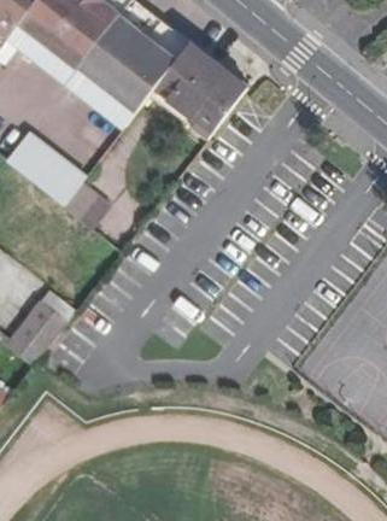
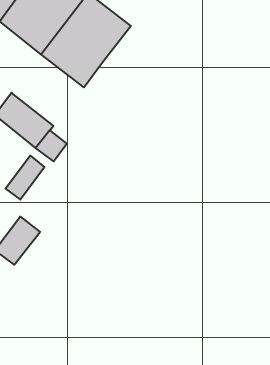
building: [151,41,248,136] -> none
building: none -> [5,156,44,200]

